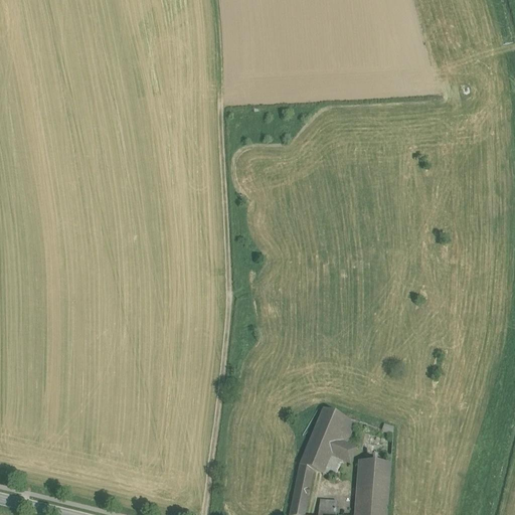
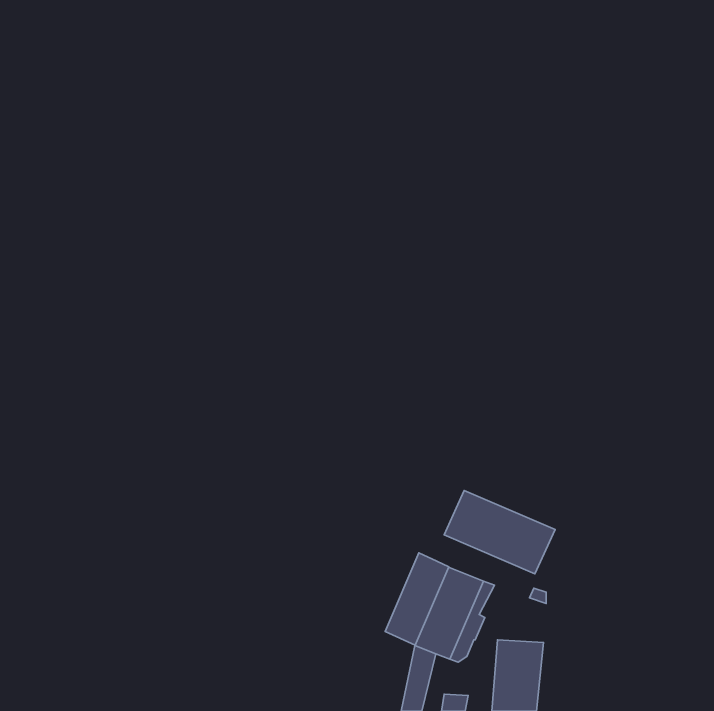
building: none -> [444,491,555,574]
building: none -> [385,553,449,645]

